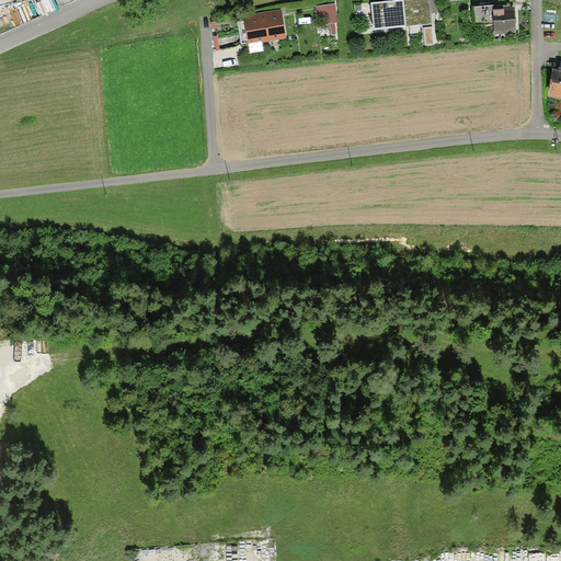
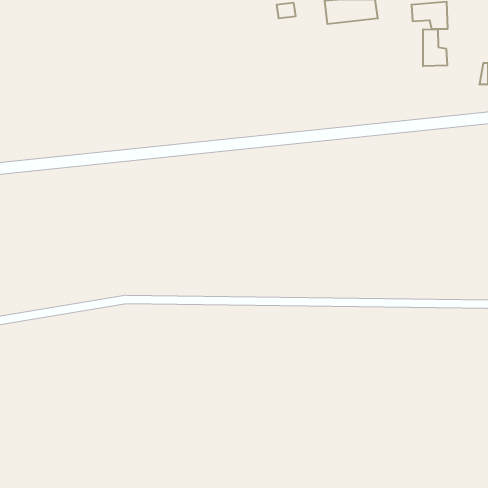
building: [243,8,286,51] -> none
building: none -> [423,29,447,66]

